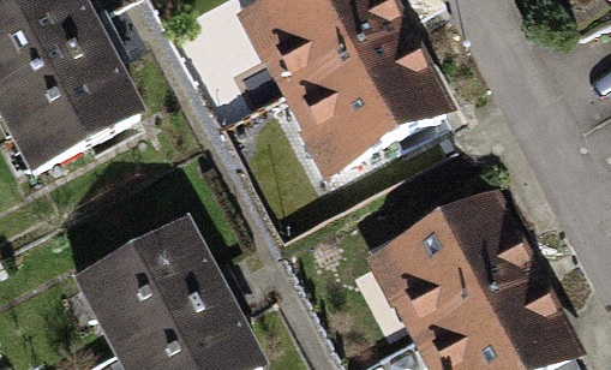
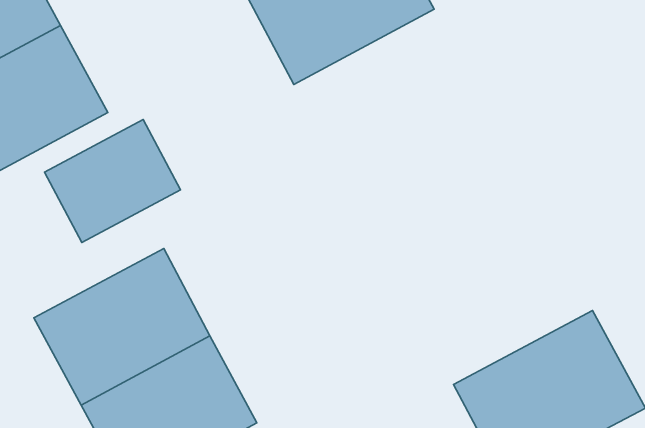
building: [287,25,443,166] -> none
building: none -> [45,119,181,242]
building: [373,191,529,330] -> none

